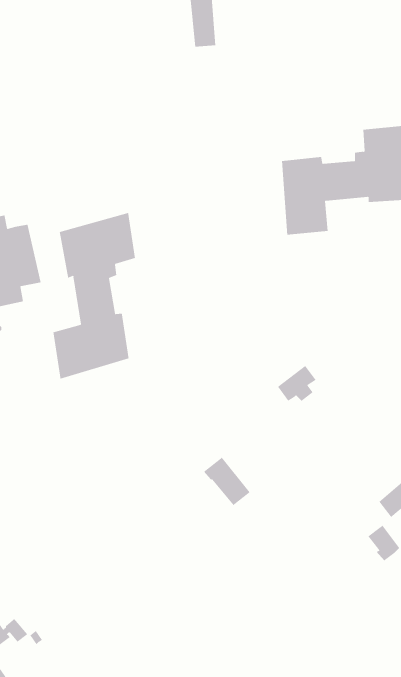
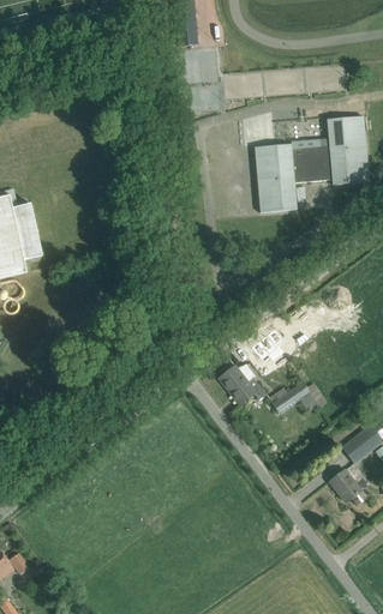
building: [53,212,136,379] -> none
building: none -> [269,379,318,413]
building: [203,457,251,506] -> [217,363,259,407]

